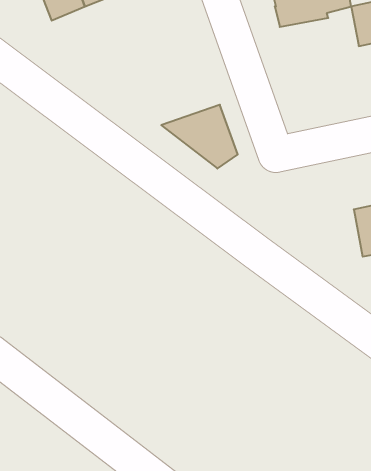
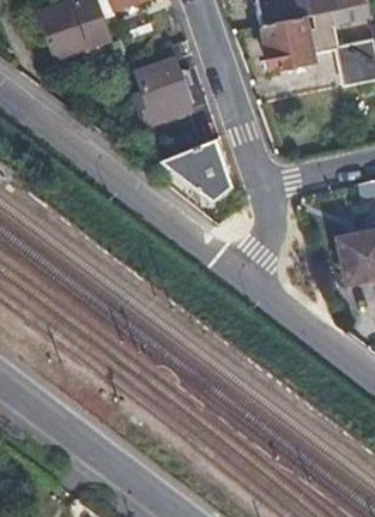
building: none -> [135,59,187,121]

